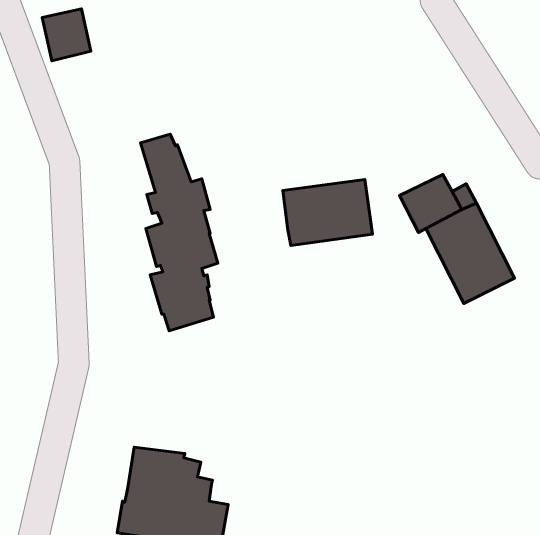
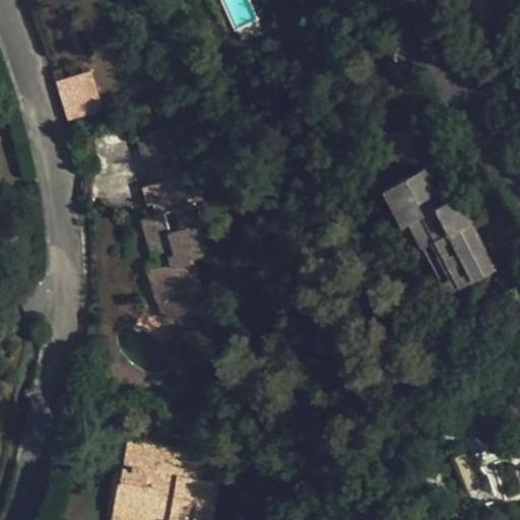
building: [42,9,91,61] -> [55,75,102,125]
building: [283,179,373,245] -> none

